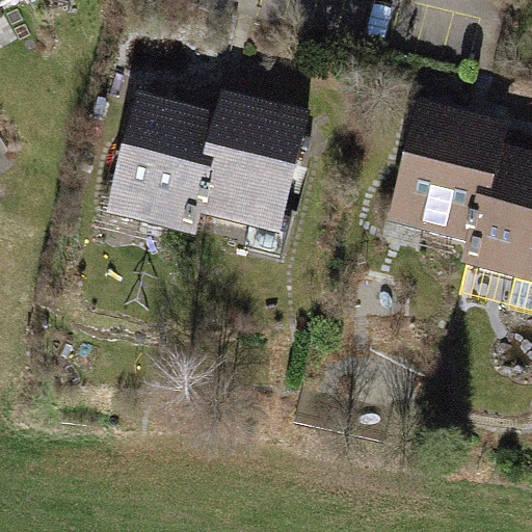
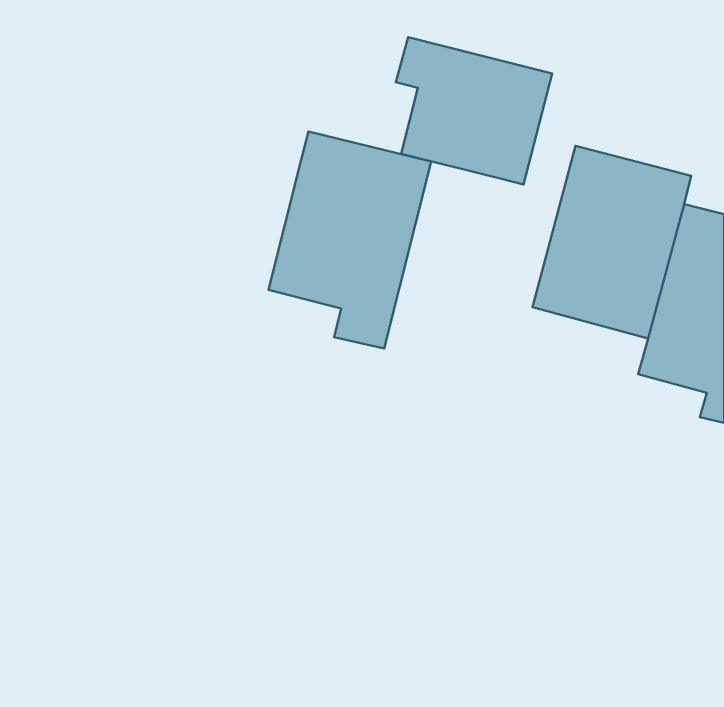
building: none -> [396,37,552,185]
building: [106,97,219,240] -> none

